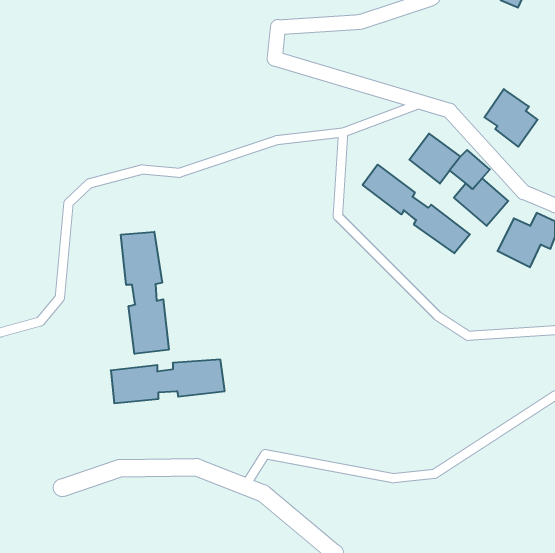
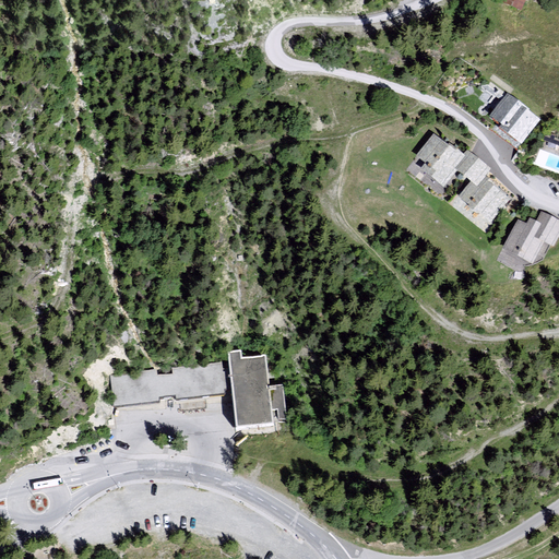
building: [363,165,470,253] -> none
building: [121,232,169,354] -> none
building: none -> [227,348,287,432]

